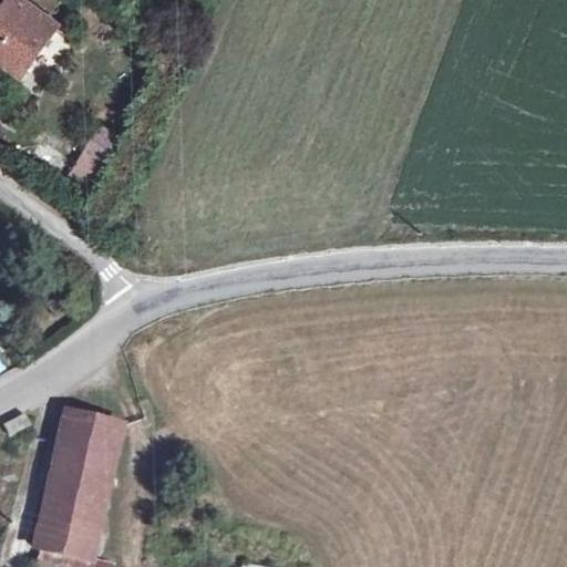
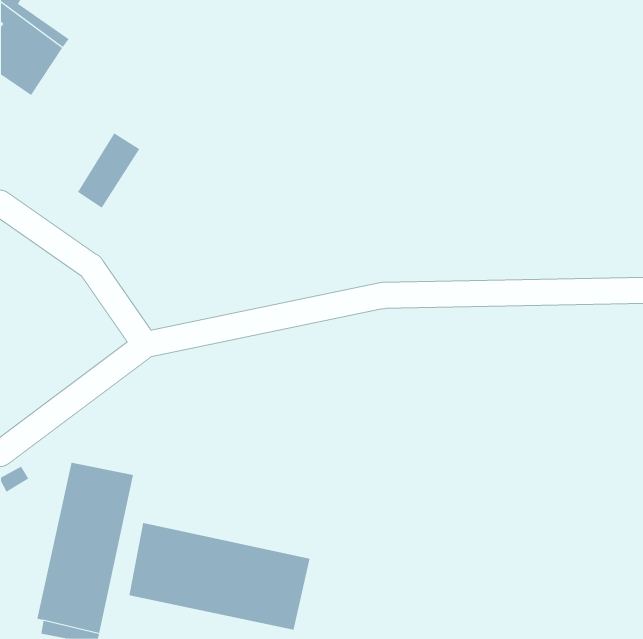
building: none -> [129,522,310,631]

